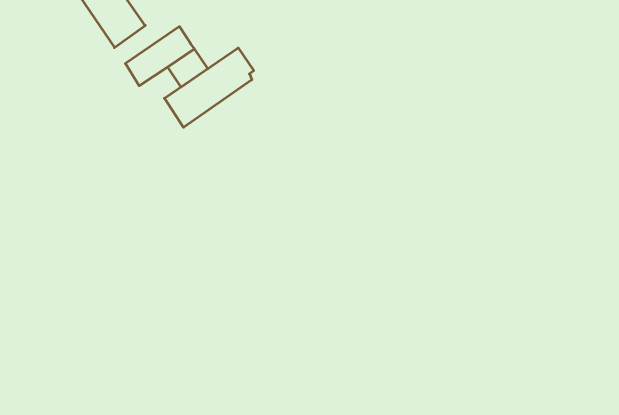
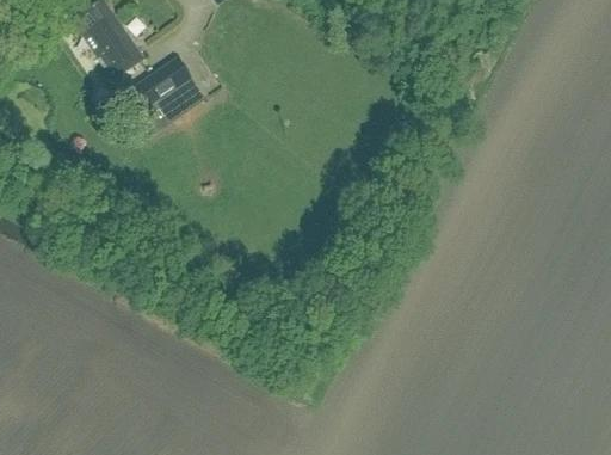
building: [164,48,254,127] -> none

